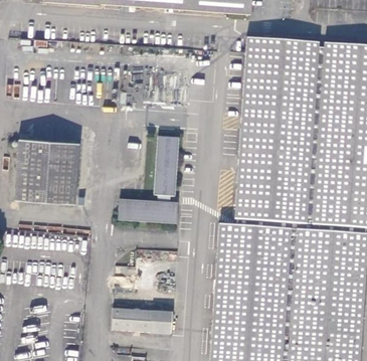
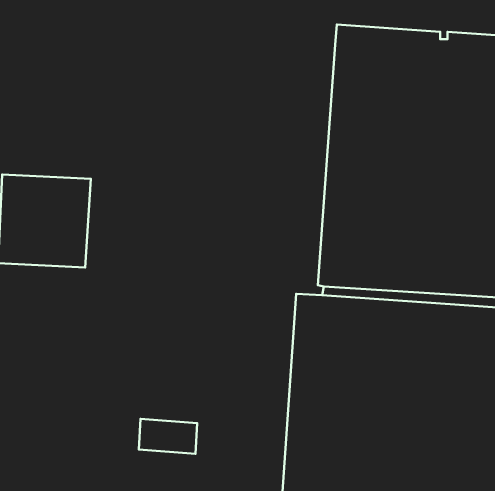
building: [120,136,179,222] -> none
building: [150,313,171,335] -> none

